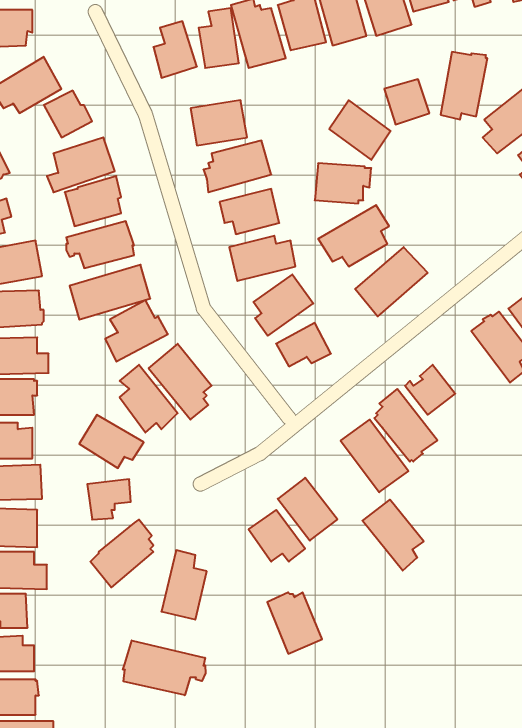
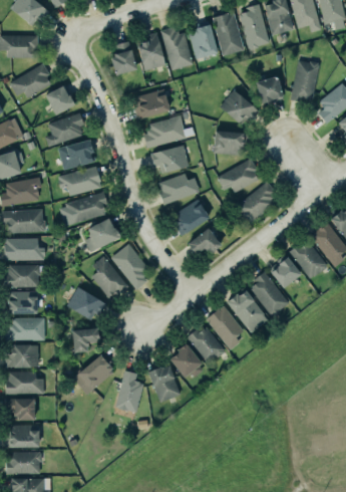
building: none -> [290,239,329,280]
building: [362,500,424,571] -> [207,306,245,350]
building: [267,592,322,654] -> [145,364,180,403]
building: [123,640,206,695] -> none

